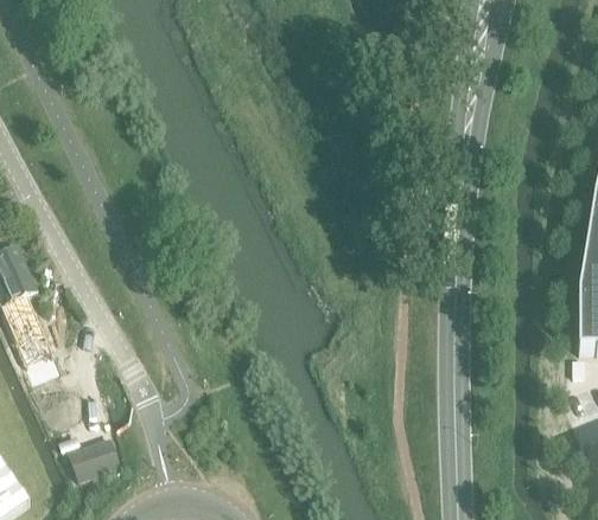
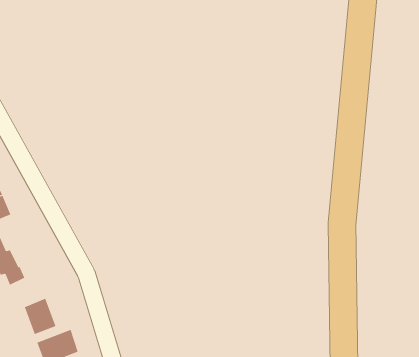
building: none -> [24,298,56,335]

